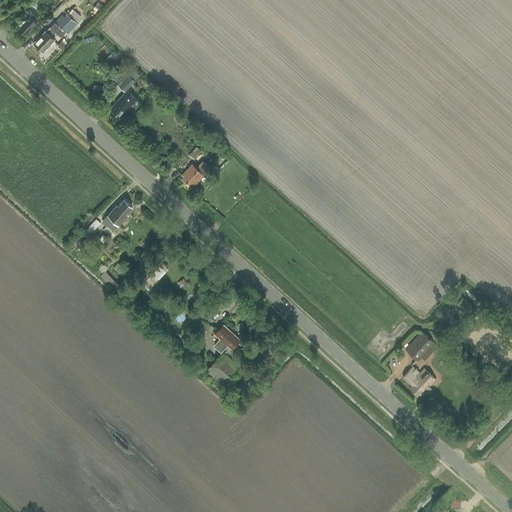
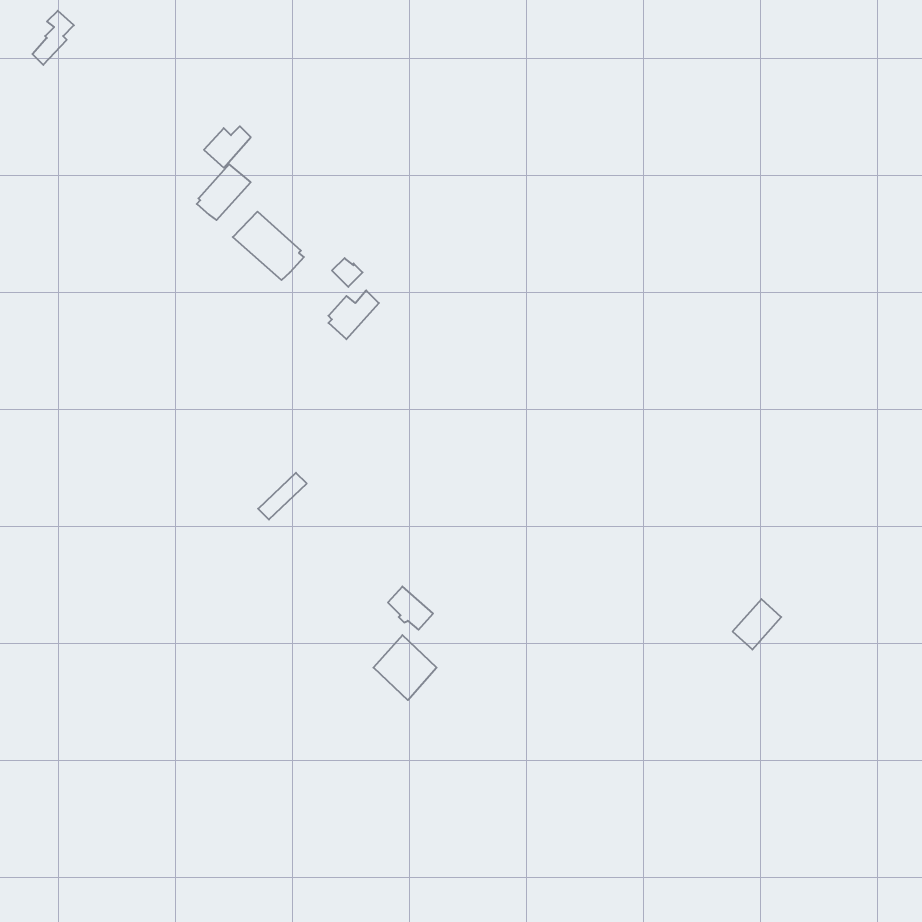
building: [34,12,78,52] -> none
building: none -> [233,212,304,280]
building: [103,200,132,240] -> none
building: [403,367,436,396] -> none

